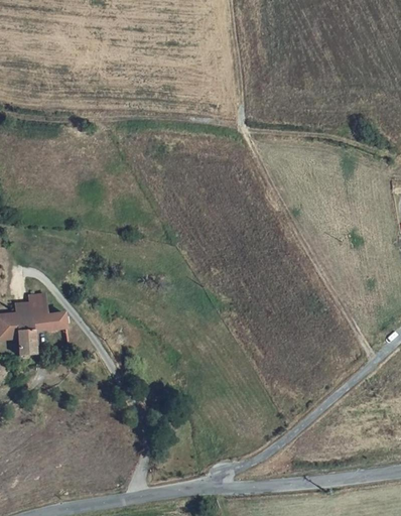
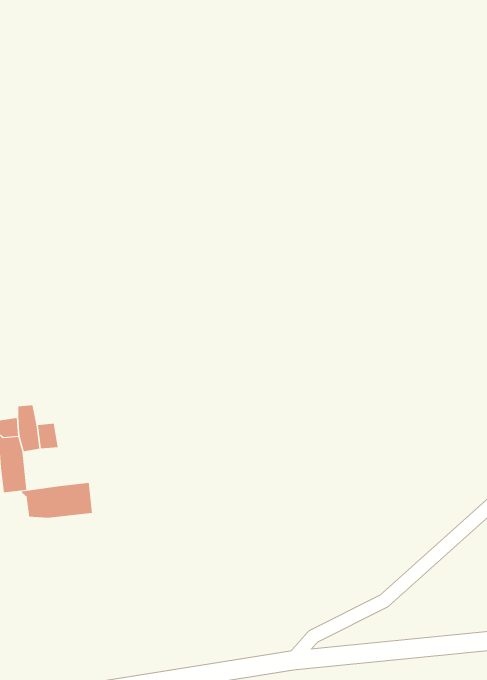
building: none -> [20,482,92,518]

